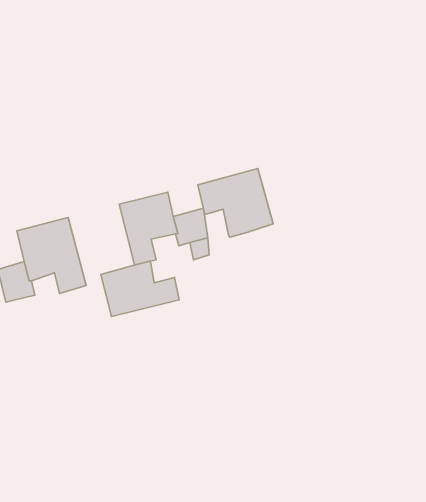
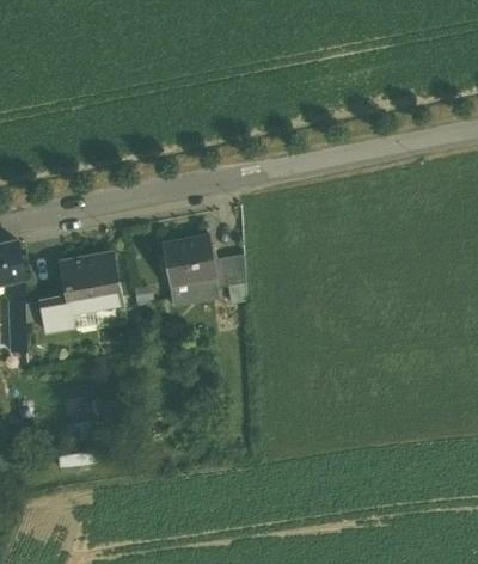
building: [198,169,273,237] -> none
building: [101,261,179,317] -> none

